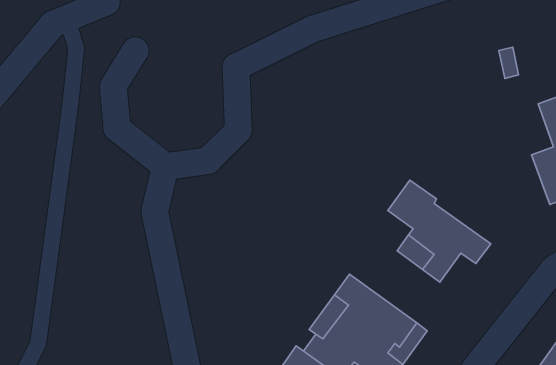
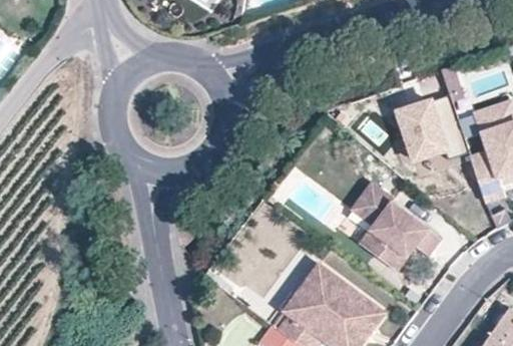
building: none -> [398,95,468,168]

